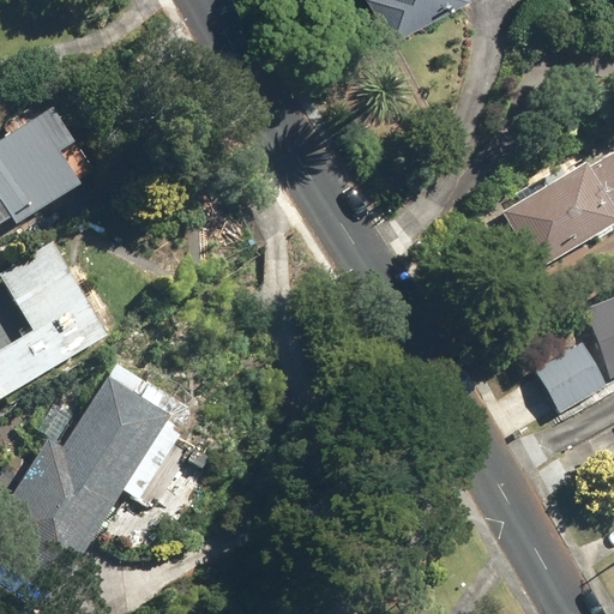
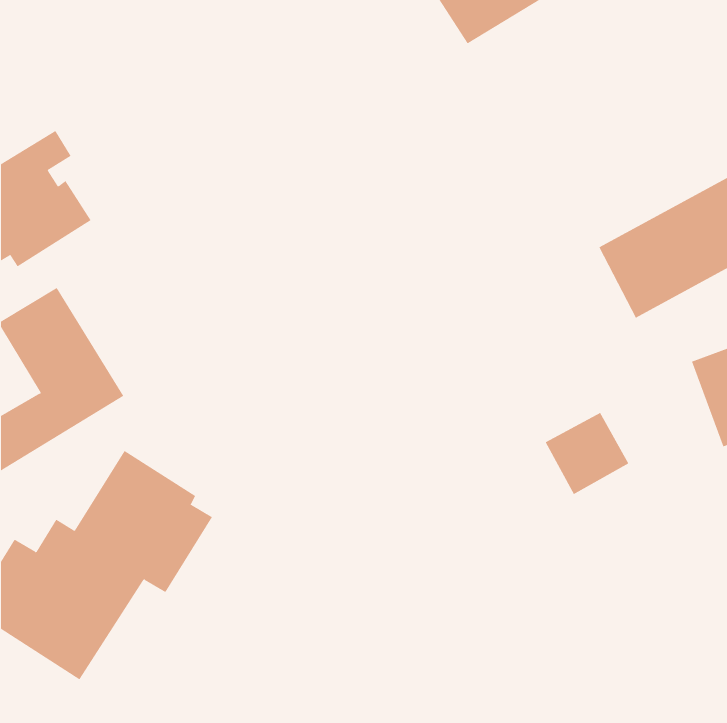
building: [534,342,604,411] -> [545,412,629,495]

